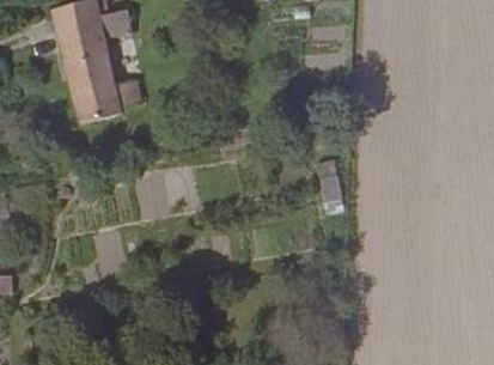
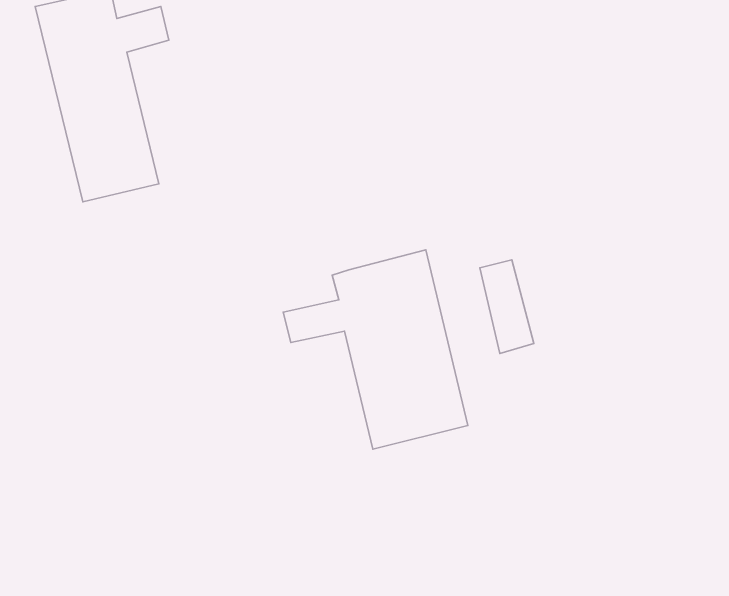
building: none -> [283,250,468,449]

